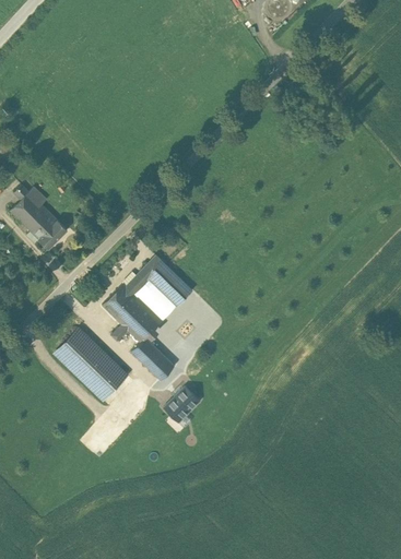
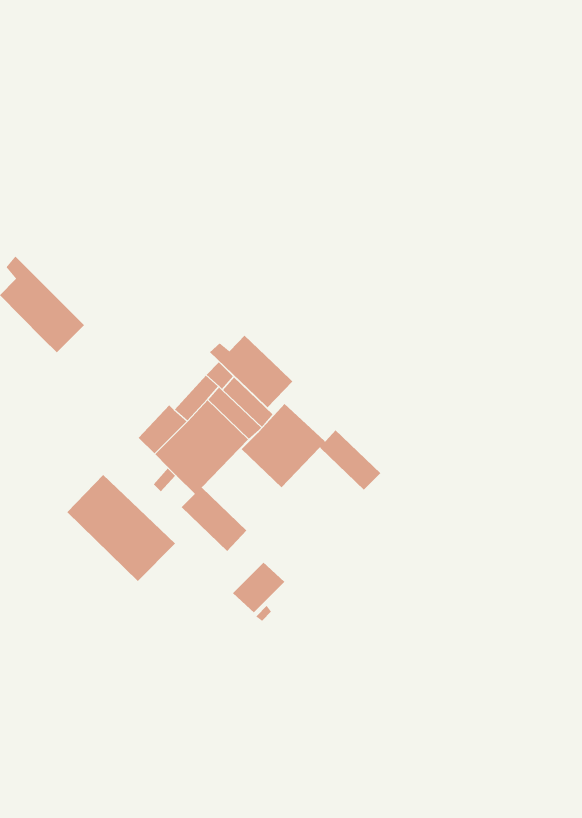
building: none -> [209,335,293,408]
building: none -> [241,403,381,490]

